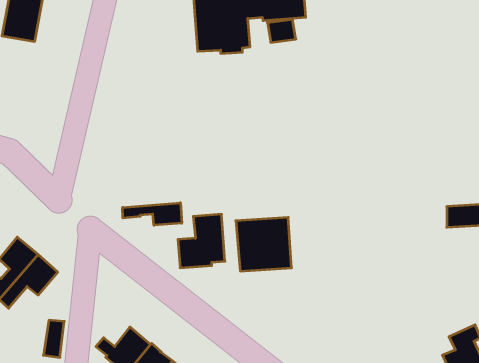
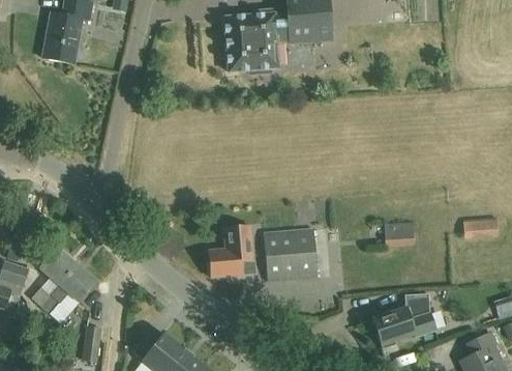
building: [123,203,182,225] -> none
building: none -> [385,221,415,247]
building: none -> [372,293,435,344]

